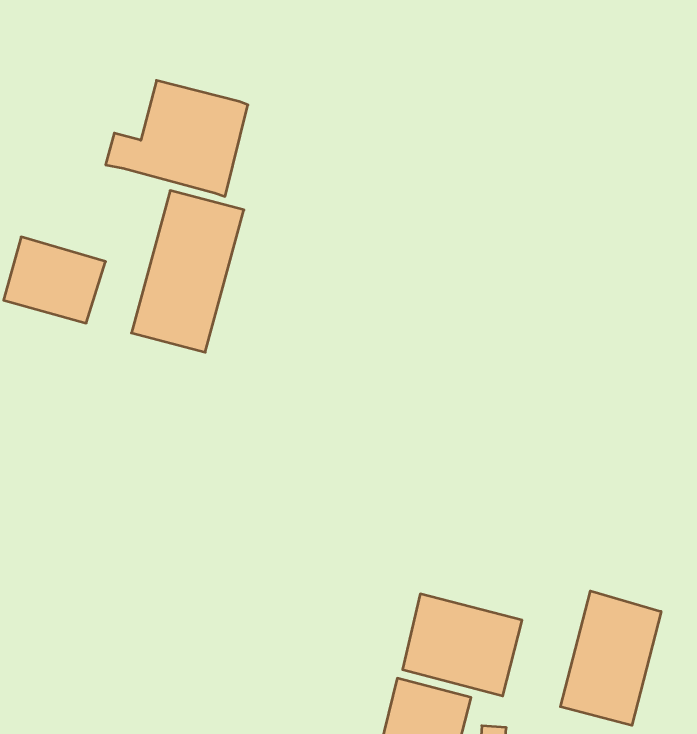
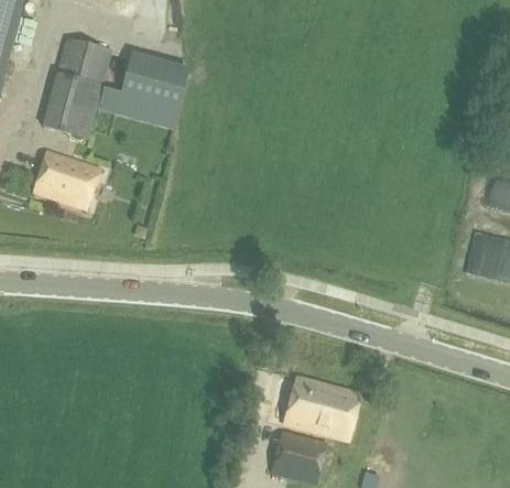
building: [131,191,244,352] -> [41,36,111,138]
building: [560,591,661,725] -> none

